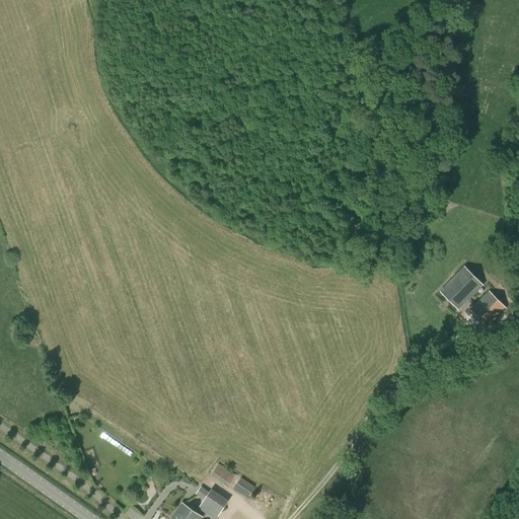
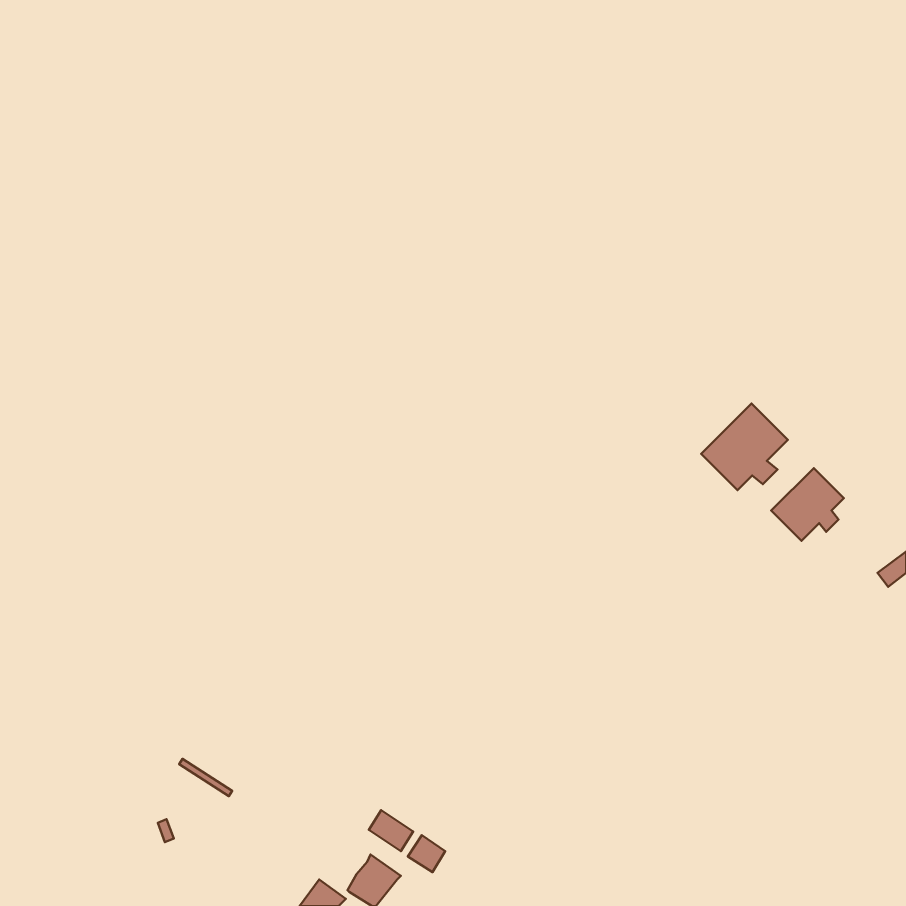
building: none -> [701,404,788,490]
building: [470,292,507,327] -> none

